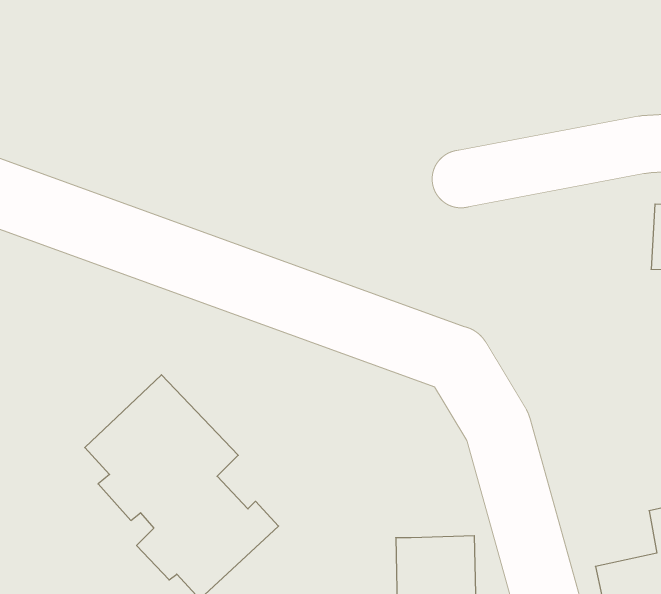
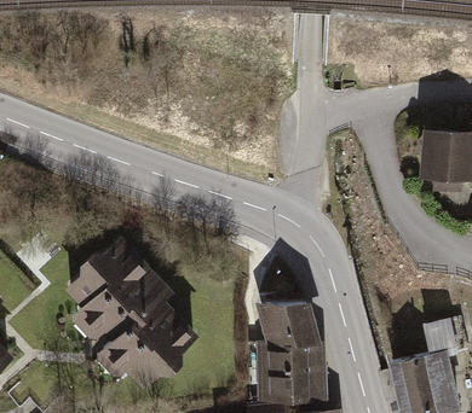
building: none -> [267,304,317,344]

